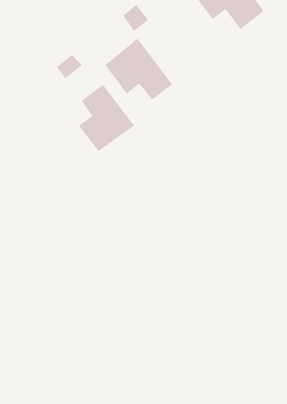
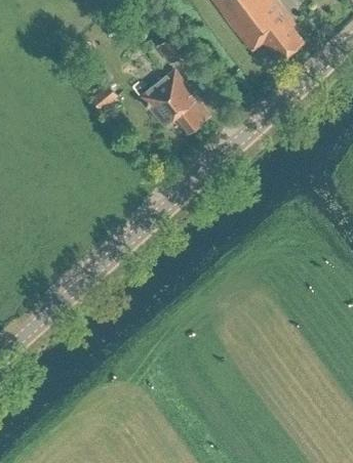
building: [78,84,135,152] -> none

